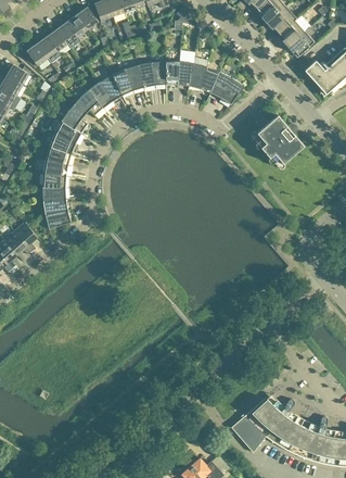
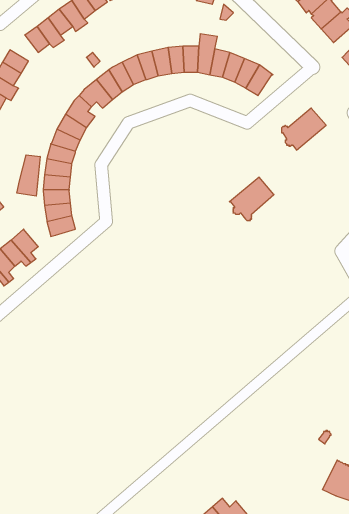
building: [265,130,304,168] -> [229,177,274,220]
building: none -> [17,155,40,196]
building: [231,398,300,452] -> none

